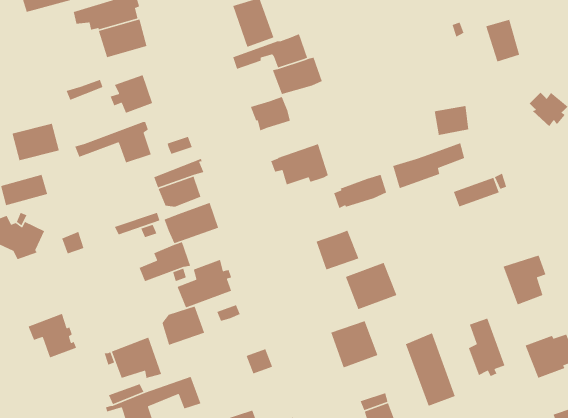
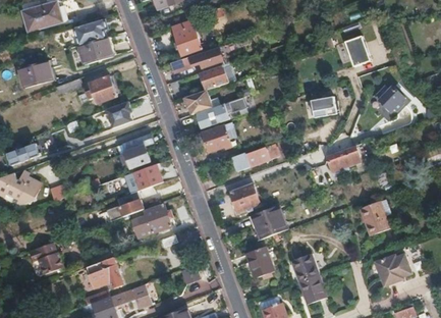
building: [12,123,60,161] -> [18,59,52,86]
building: [392,142,465,189] -> [196,96,246,128]
building: [161,306,205,346] -> none
building: [468,318,506,377] -> none

